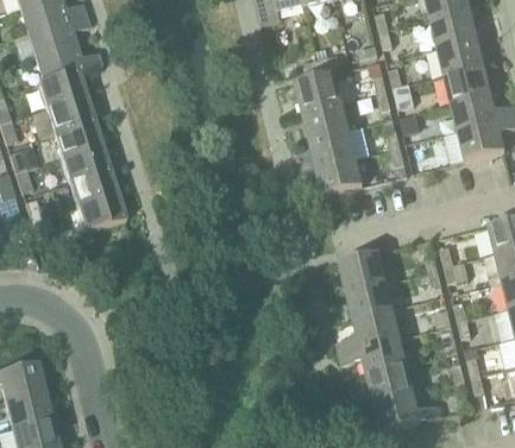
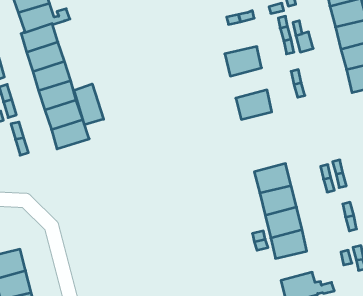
building: [294,70,343,108] -> none
building: [308,124,369,165] -> none
building: none -> [74,84,104,125]
building: [366,362,414,400] -> none

